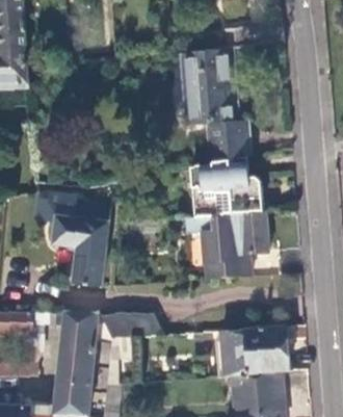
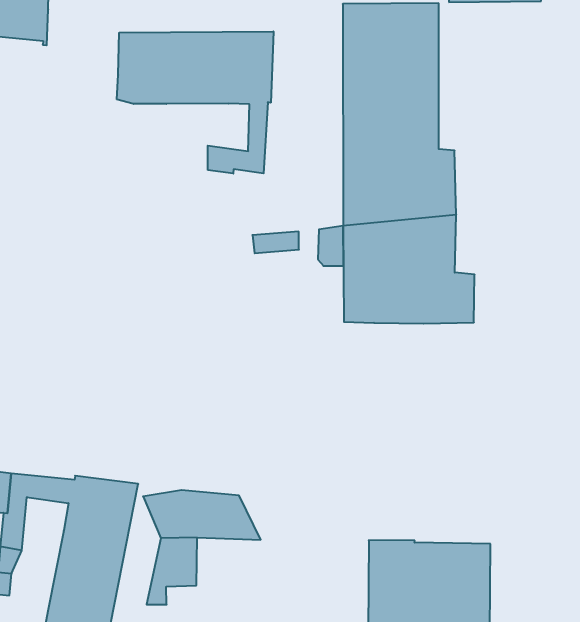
building: none -> [117,31,273,174]
building: [54,201,109,288] -> none
building: [185,211,268,280] -> none

